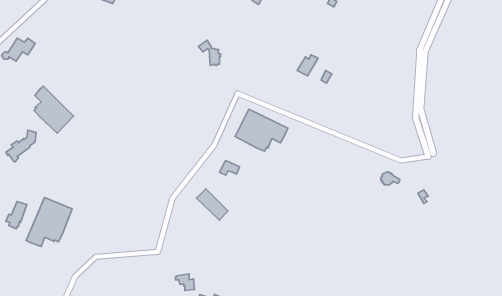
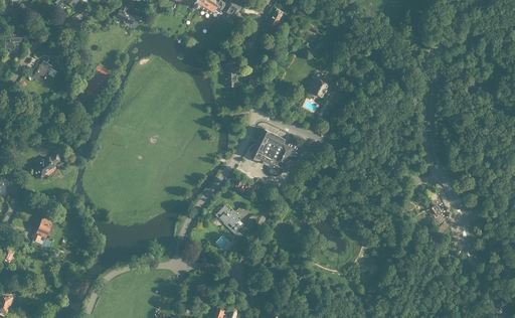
building: [34,86,74,133] -> none
building: [26,197,72,247] -> none

